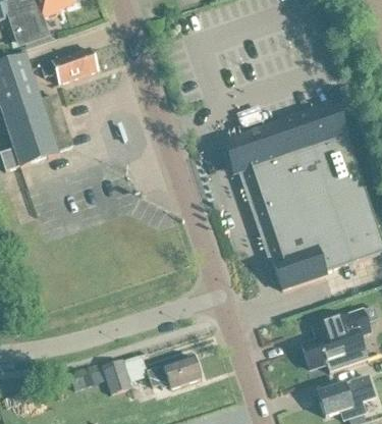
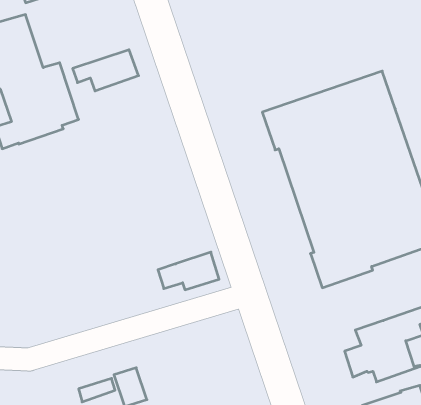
building: [40,48,97,84] -> [73,50,139,91]
building: [147,355,200,387] -> [158,252,219,290]

